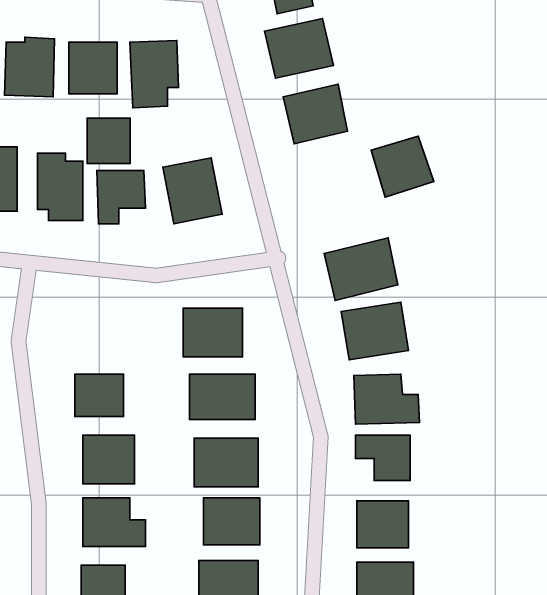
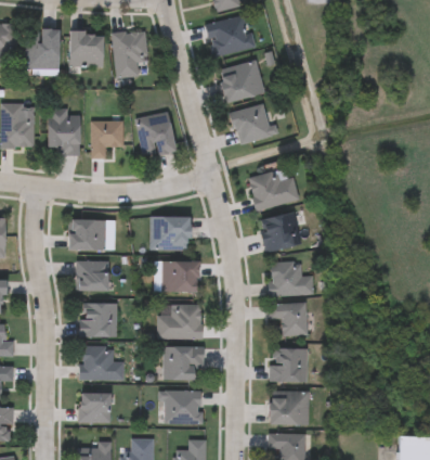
building: [87,118,130,164] -> none
building: [371,136,434,197] -> [230,103,273,145]
building: none -> [69,220,113,251]

